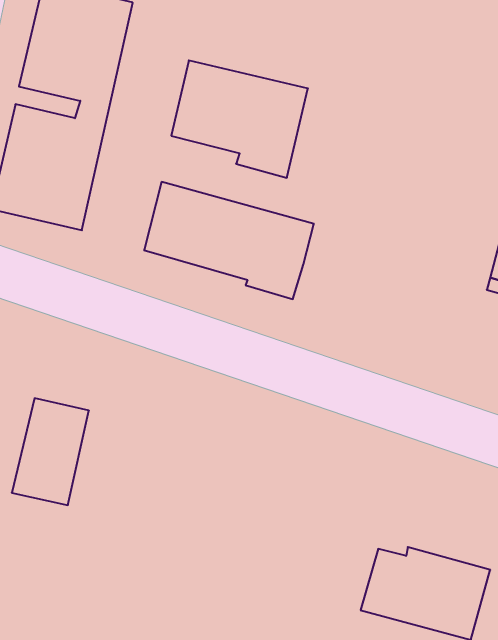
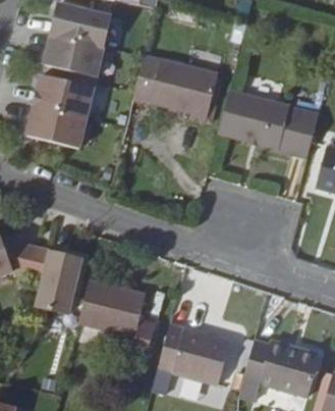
building: [144,182,314,299] -> [215,94,314,162]
building: none -> [78,280,149,355]
building: none -> [153,321,225,380]

